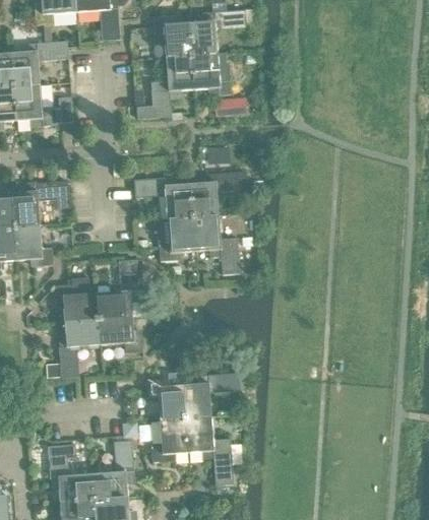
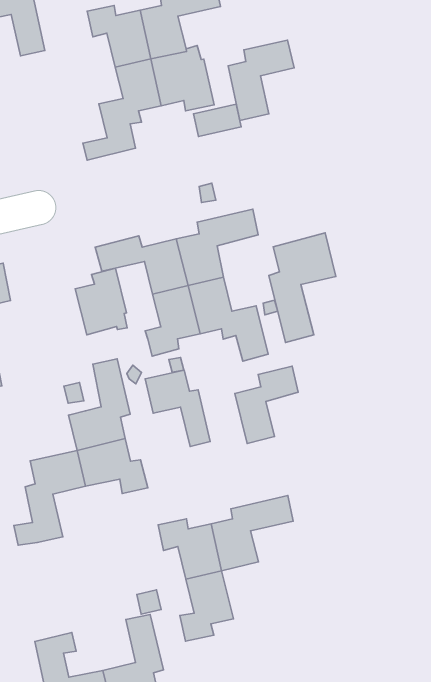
building: none -> [228,40,294,120]
building: none -> [269,233,336,343]
building: none -> [75,268,127,335]
building: none -> [145,370,210,447]
building: [54,277,98,321] -> none
building: none -> [235,366,298,444]
building: [184,415,232,485] -> none

